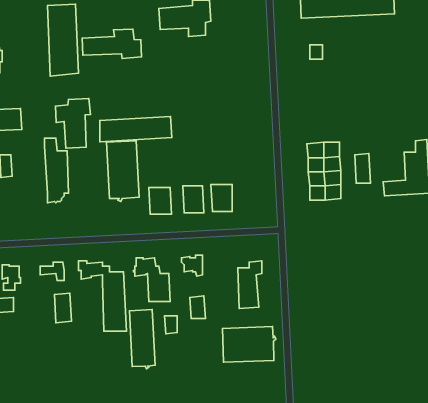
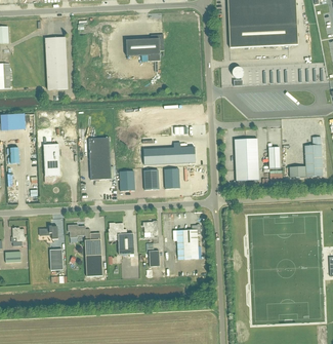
building: [82,29,141,58] -> none
building: [56,98,91,148] -> none
building: [100,116,172,142] -> [142,146,195,164]
building: [129,310,155,369] -> none
building: [222,327,276,362] -> none

